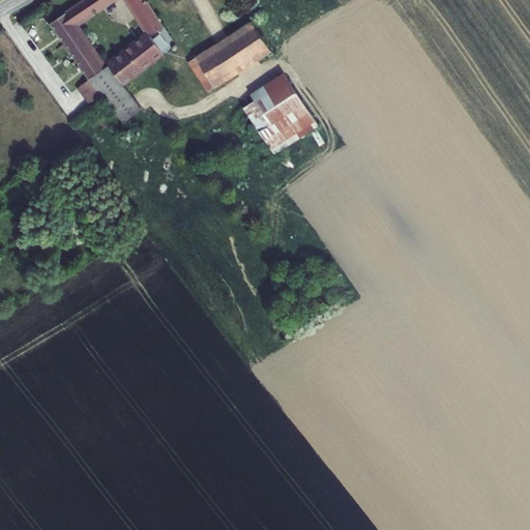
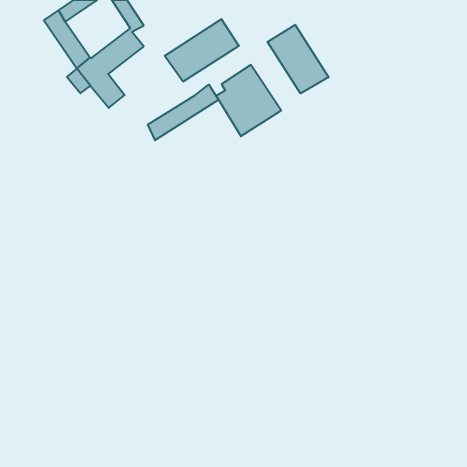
building: none -> [267,25,329,93]
building: none -> [148,85,219,140]

